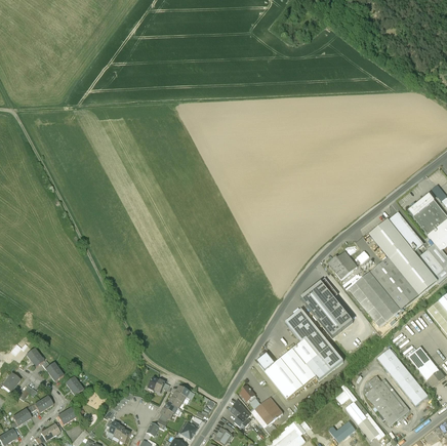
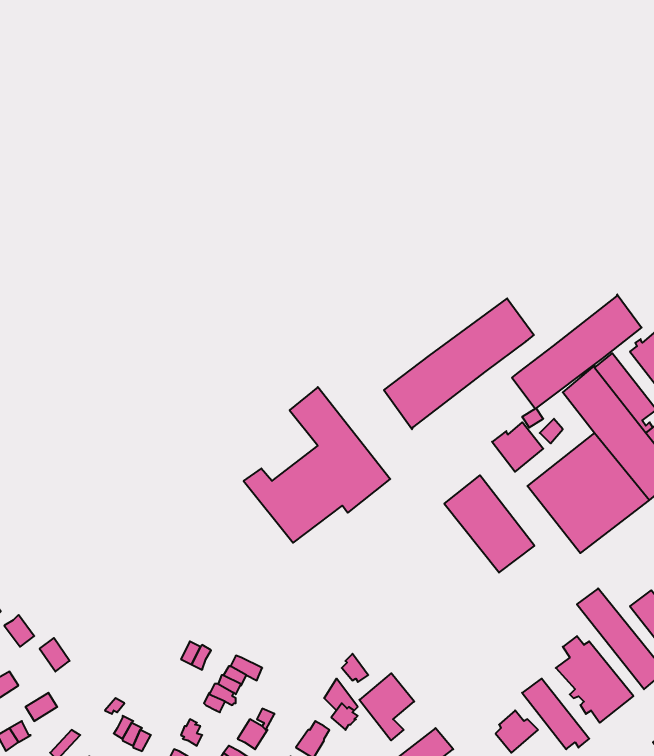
building: none -> [512,294,642,409]
building: none -> [384,298,534,429]
building: [258,308,343,398] -> [244,387,390,543]

